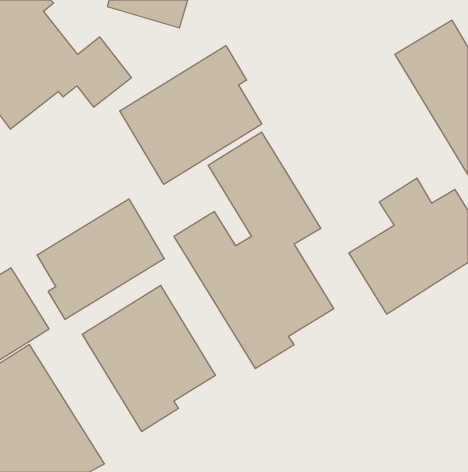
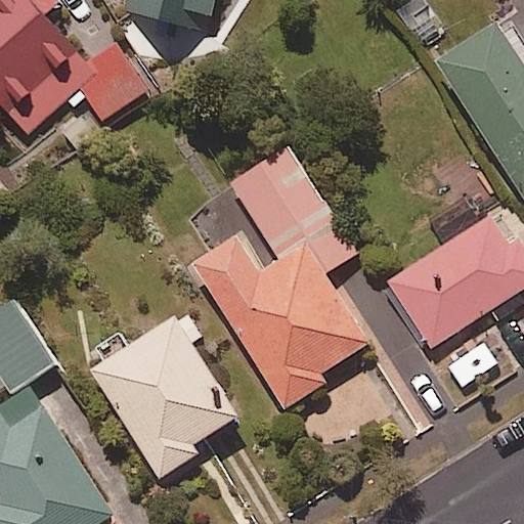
building: [120,46,262,184] -> none
building: [37,199,164,319] -> none

